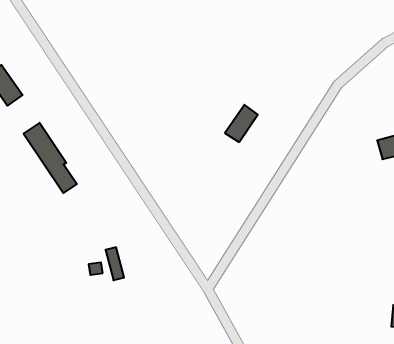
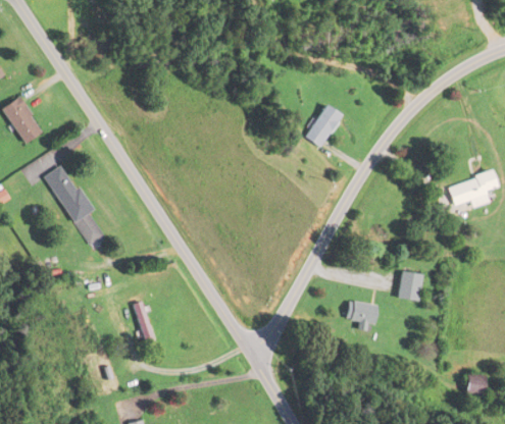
building: [225,105,258,142] -> [306,104,344,147]
building: none -> [397,271,421,300]
building: none -> [345,298,378,331]

